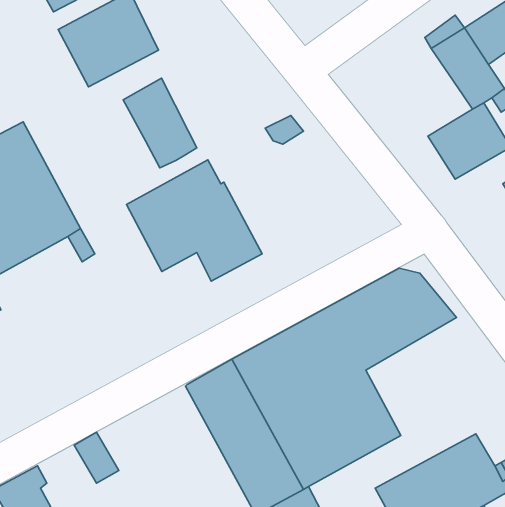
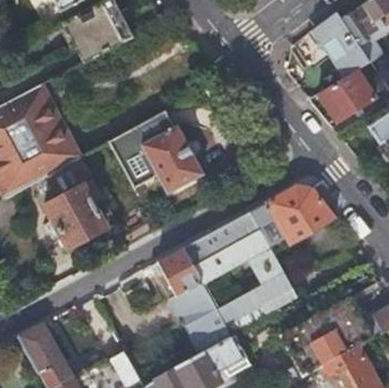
building: [123,78,197,168] -> none
building: none -> [45,186,106,248]

